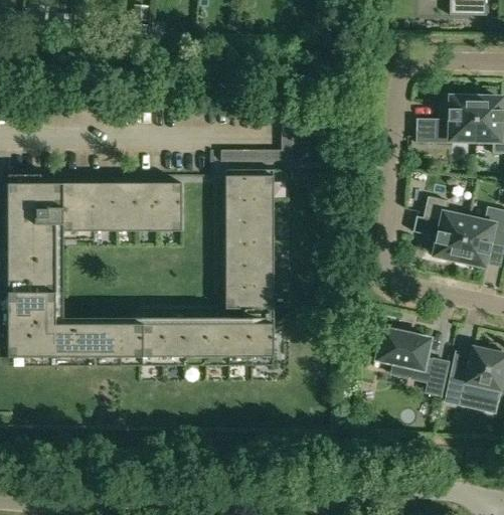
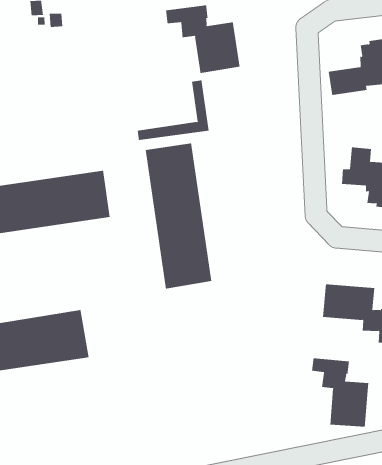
building: none -> [165,4,240,74]
building: [140,316,274,364] -> none
building: none -> [311,357,369,428]

